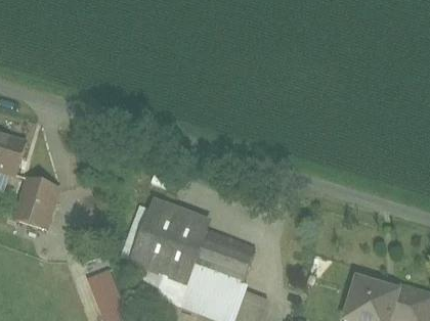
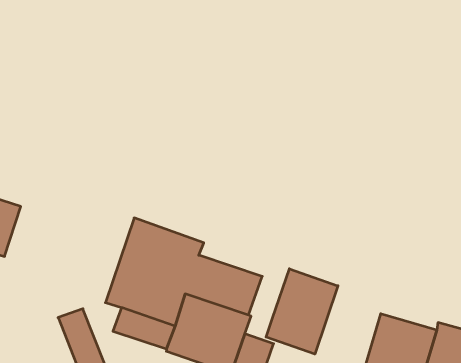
building: none -> [266,269,338,354]

